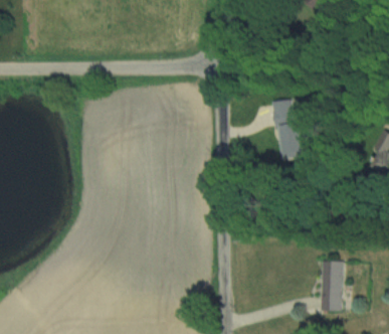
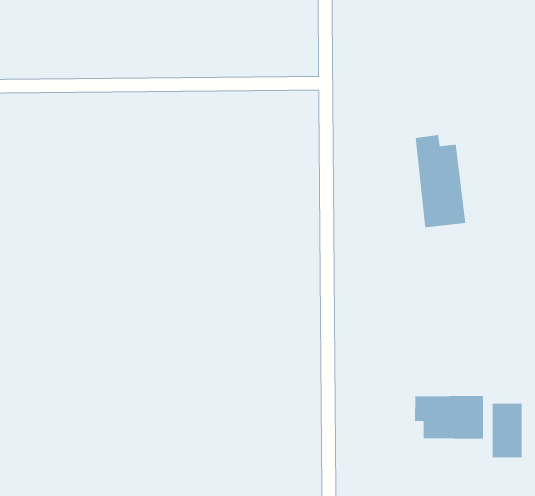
building: none -> [414,395,484,440]

